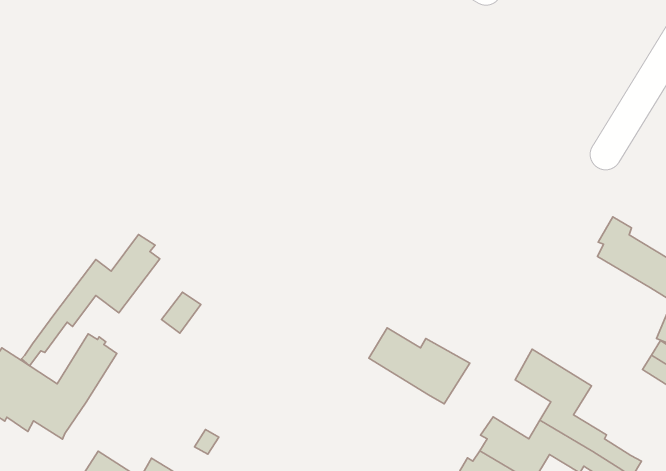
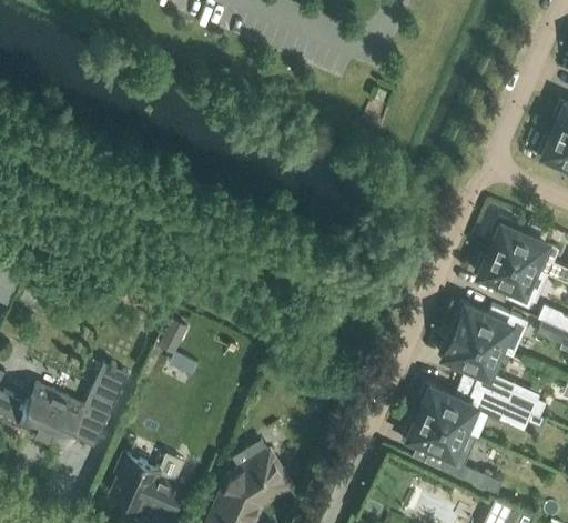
building: [21,234,160,366] -> none
building: none -> [476,250,536,294]
building: [369,328,470,404] -> [450,303,529,356]

